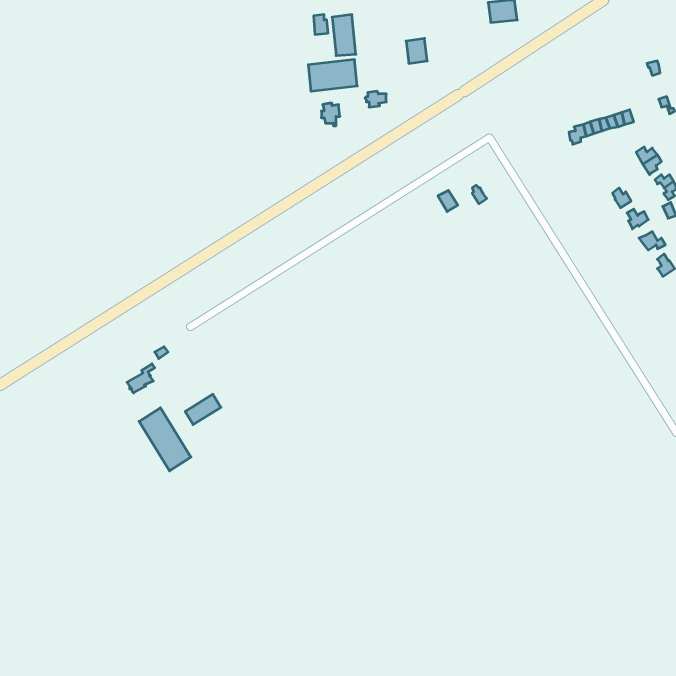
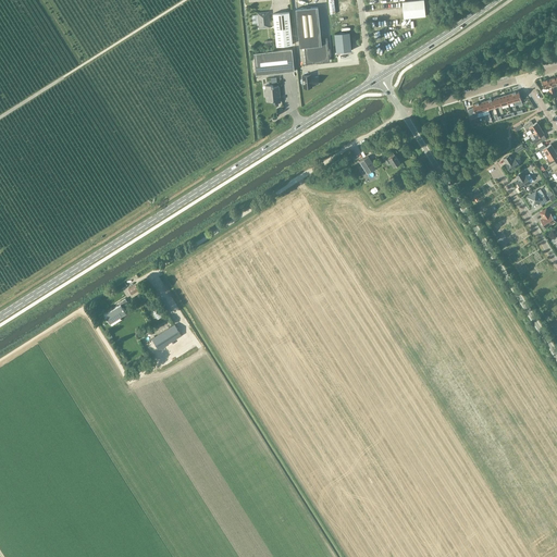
building: none -> [295,7,329,63]
building: [139,408,191,471] -> none

